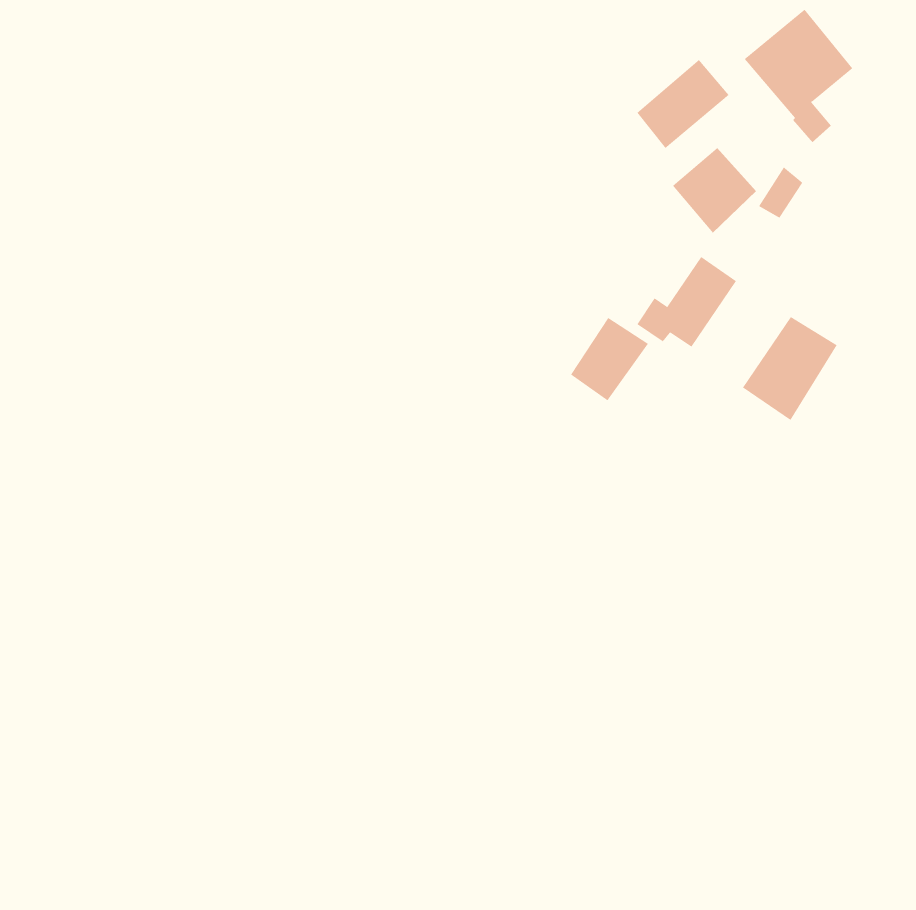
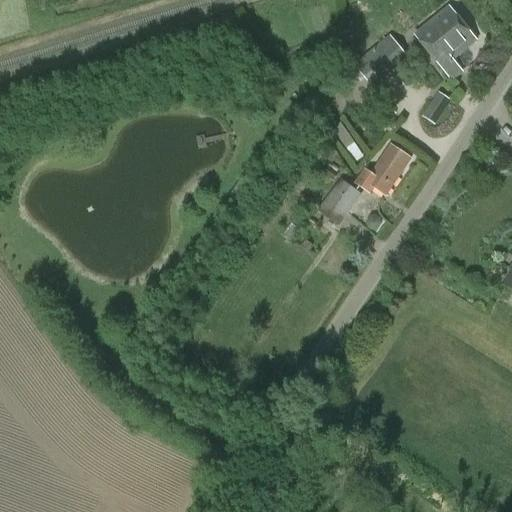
building: [672,147,757,234] -> none
building: [742,316,837,421] -> none

